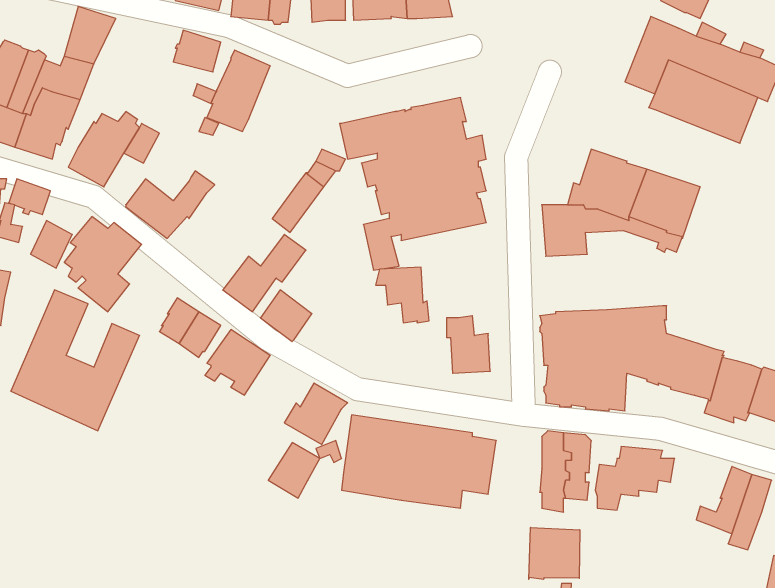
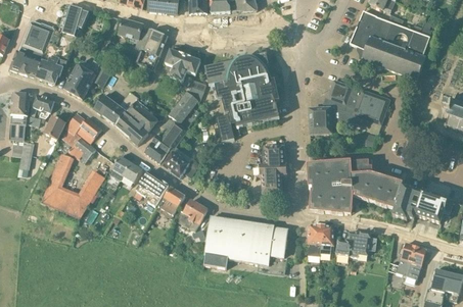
building: none -> [165,49,200,81]
building: none -> [114,101,157,145]
building: [376,267,429,323] -> [259,146,286,174]
building: [268,443,320,498] -> [157,187,184,215]
building: [529,527,580,579] -> none

